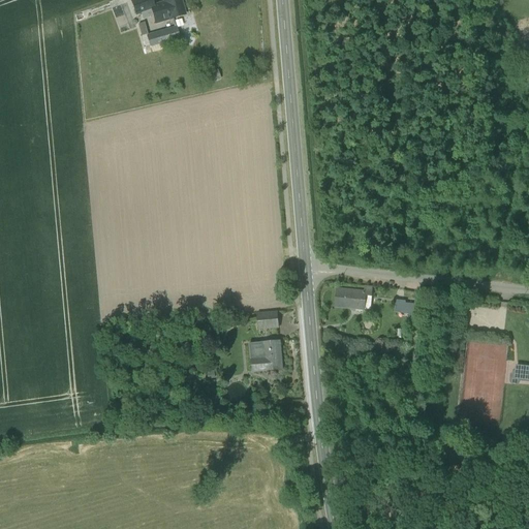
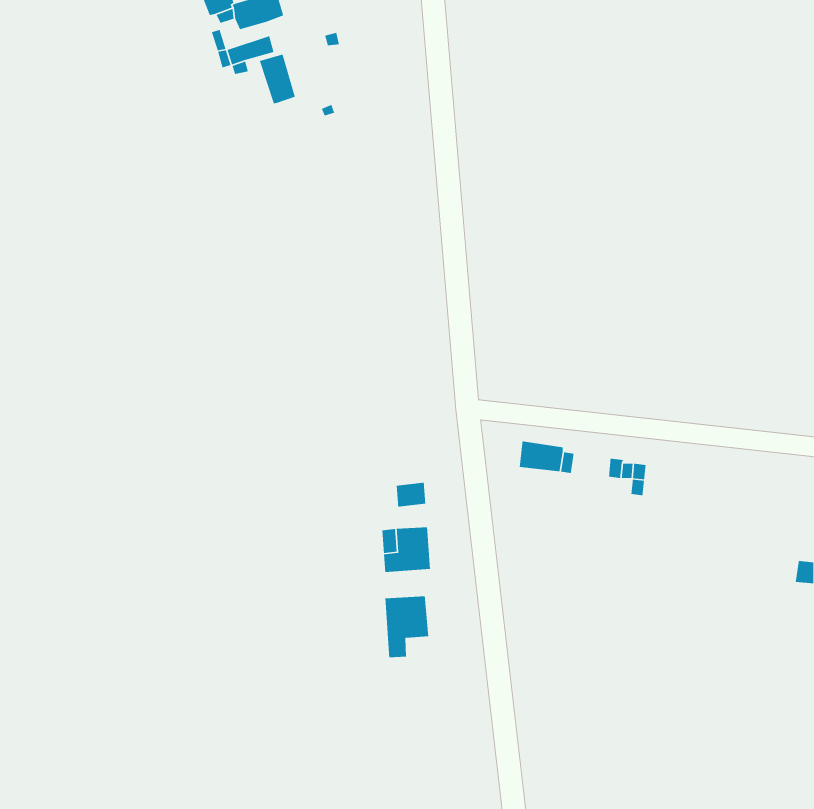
building: none -> [259,53,296,104]
building: none -> [385,595,429,658]

